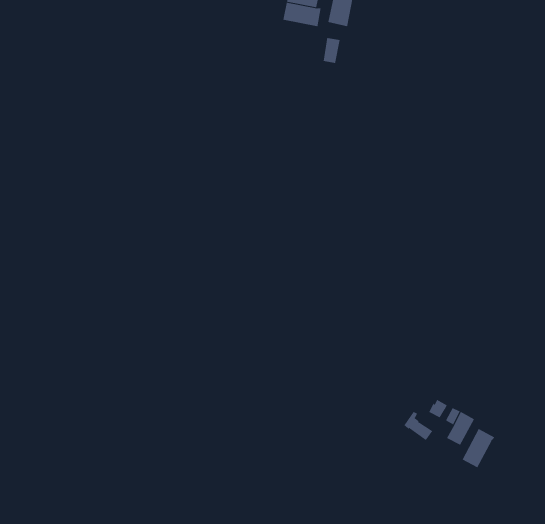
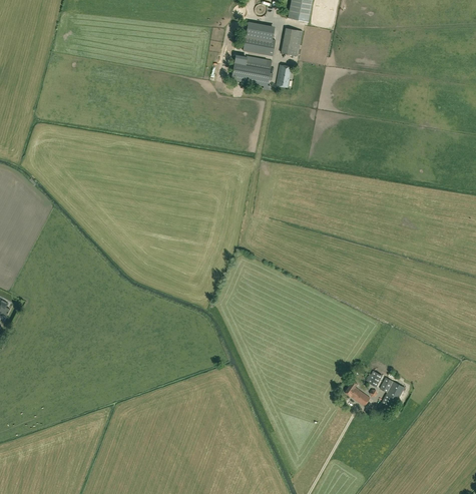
building: none -> [237,56,272,82]
building: [462,428,495,468] -> none

